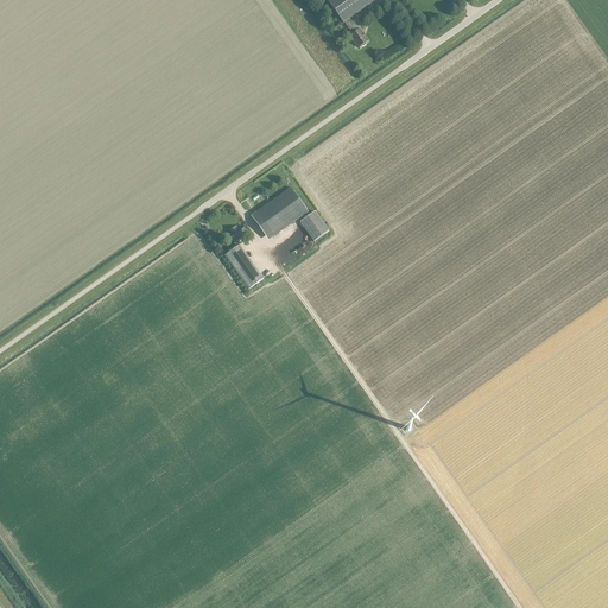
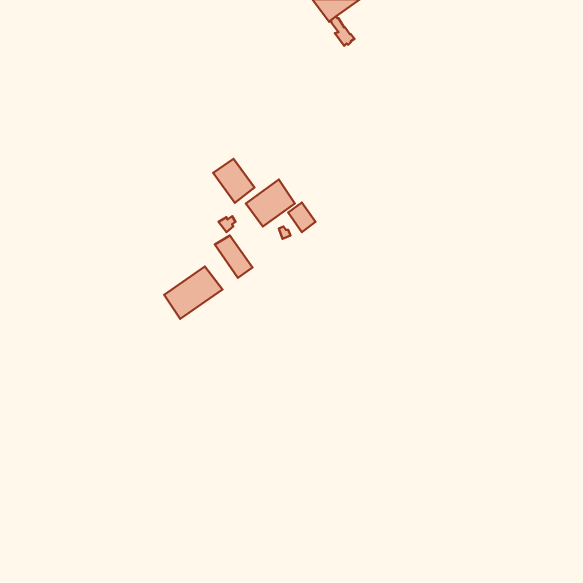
building: none -> [213,159,254,203]
building: none -> [164,267,222,319]

